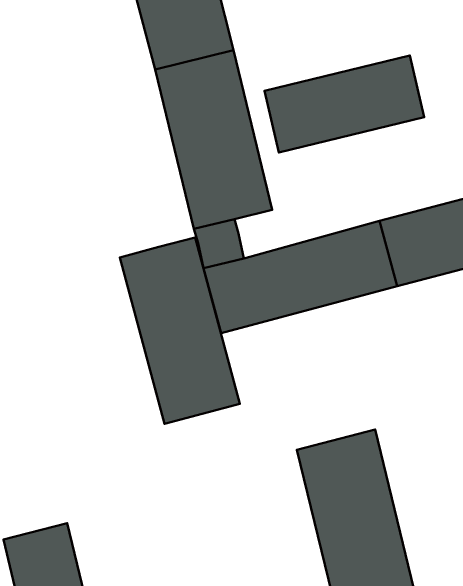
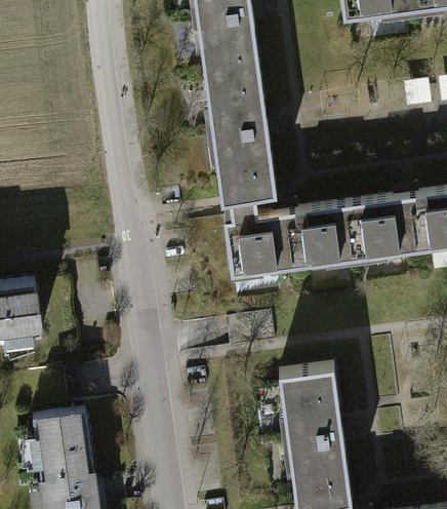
building: [264,55,424,153] -> none
building: [120,237,240,424] -> none

